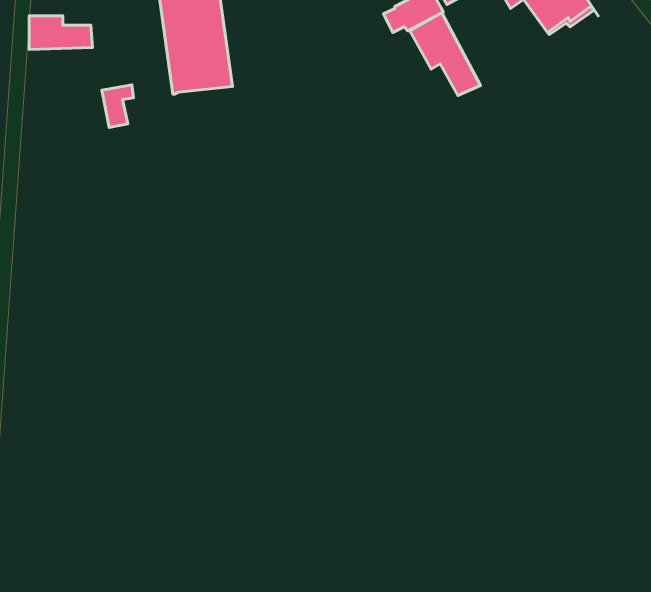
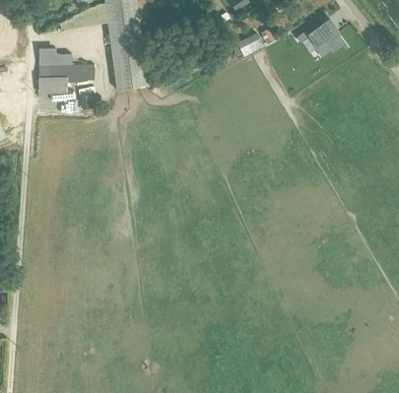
building: [410,13,480,96] -> none
building: none -> [39,63,94,91]

